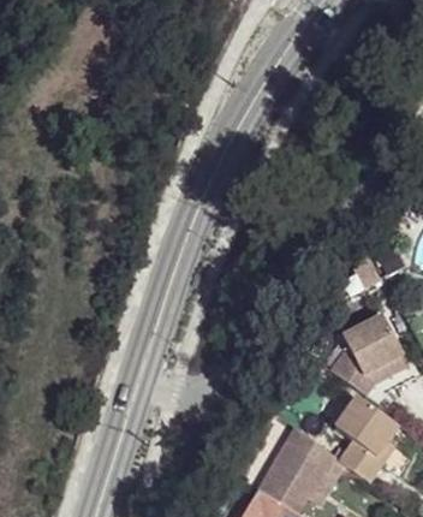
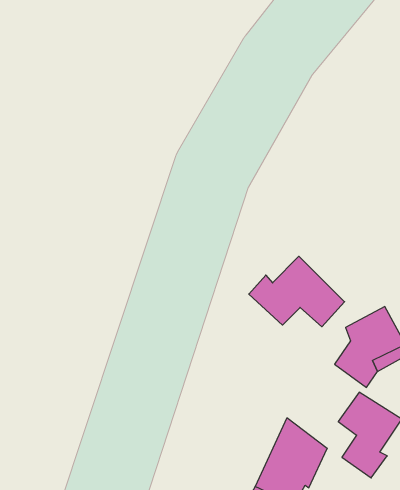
building: none -> [249,256,345,327]

